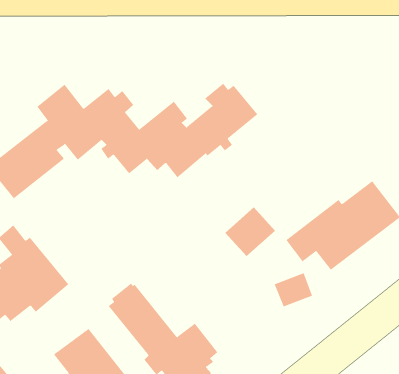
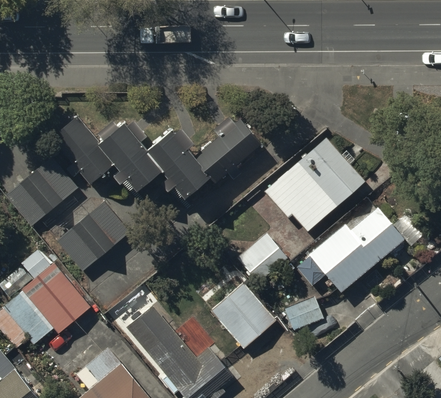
building: none -> [263,138,363,232]
building: none -> [55,199,129,270]
building: none -> [212,283,275,347]

